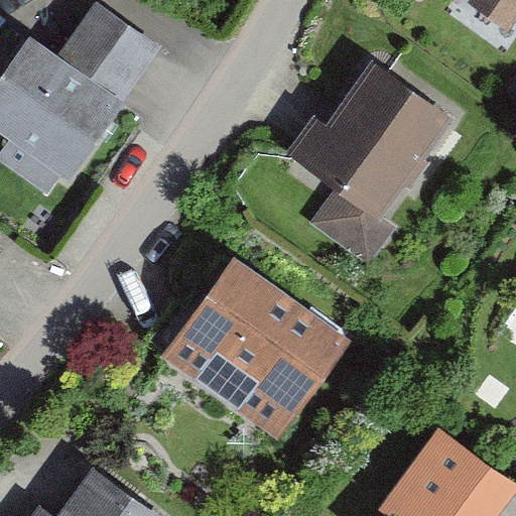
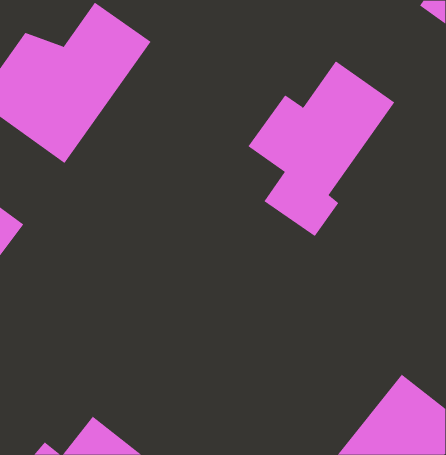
building: [150,254,344,442] -> none

